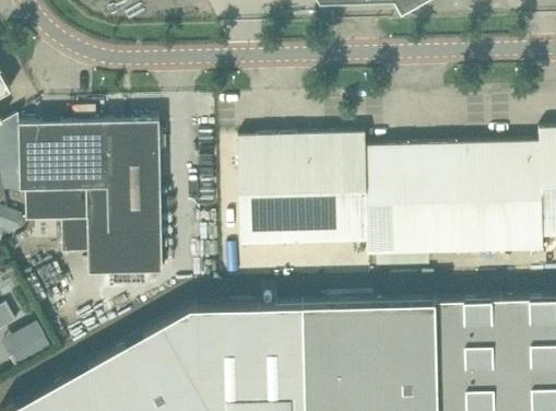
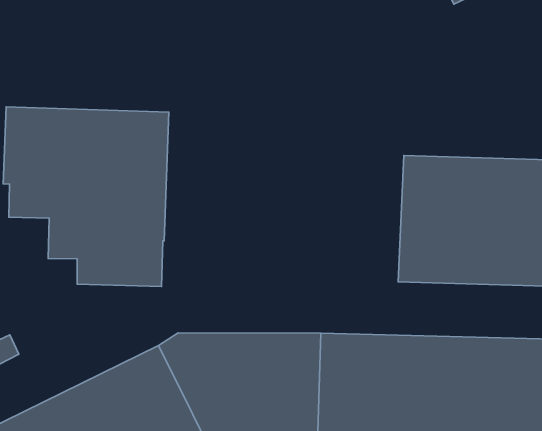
building: [238,133,367,246] -> none

